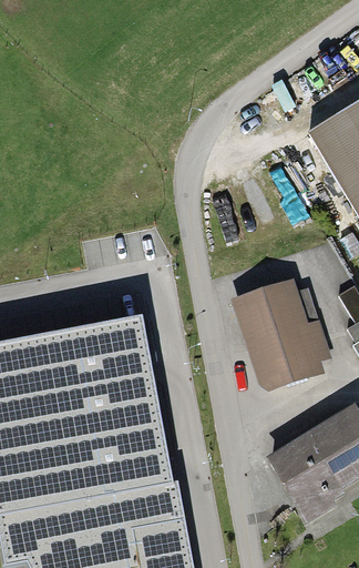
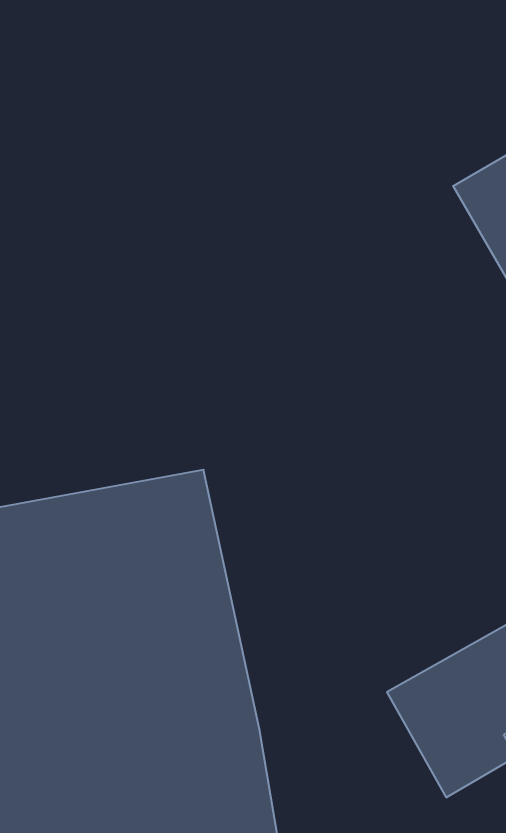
building: [235,273,328,379] -> none

